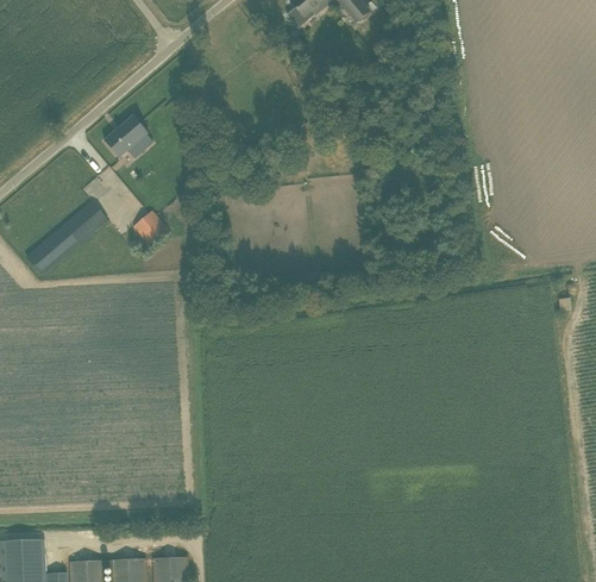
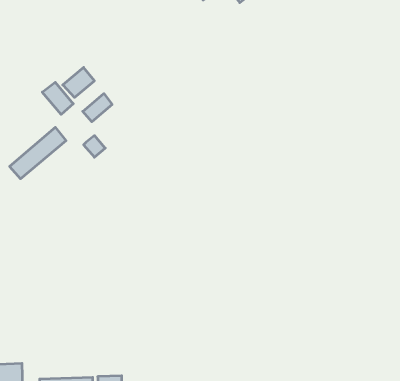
building: none -> [42,82,73,114]
building: none -> [83,94,112,122]

